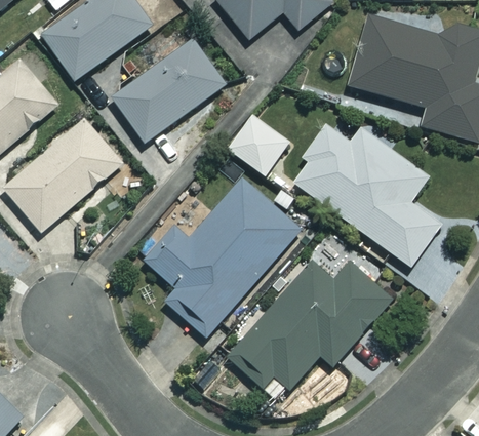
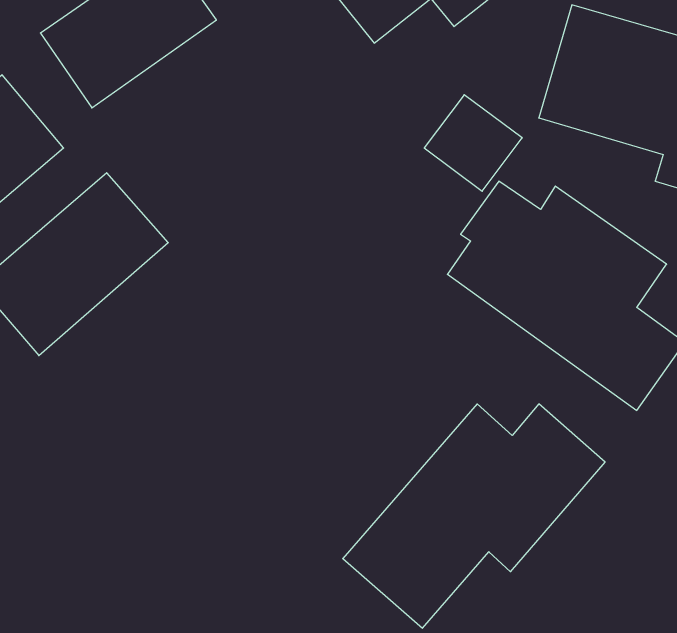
building: [112,38,226,142] -> none
building: [228,115,288,174] -> [424,95,522,191]
building: [145,180,298,336] -> none

